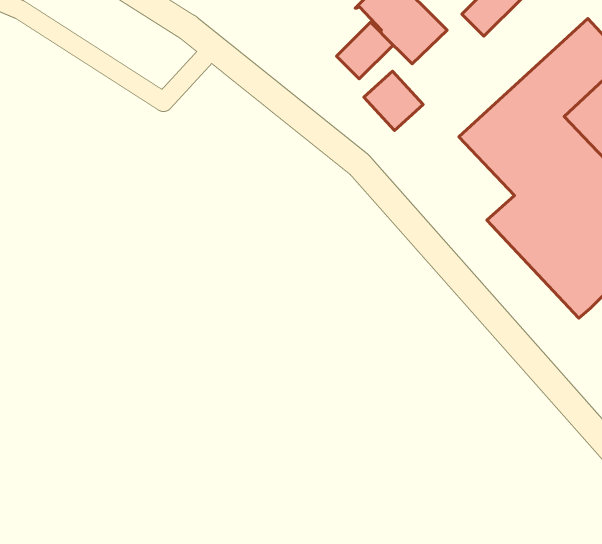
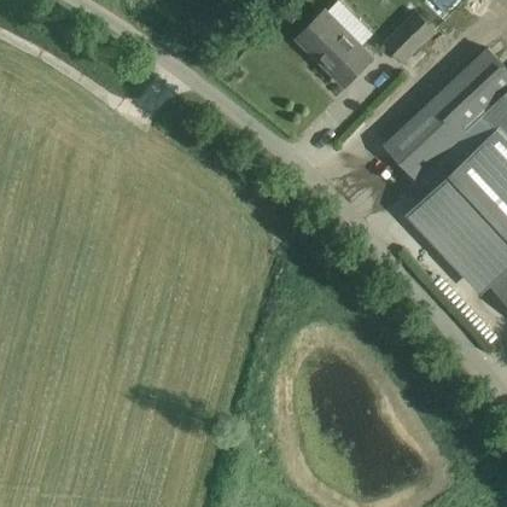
building: [336,22,393,79] -> none
building: [364,71,423,131] -> none

